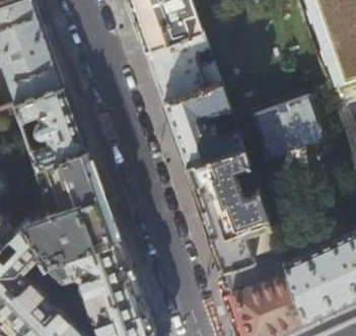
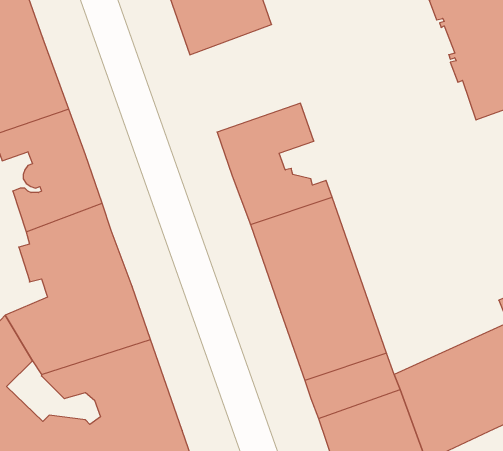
building: [145,29,219,102] -> none
building: [255,97,322,157] -> none

